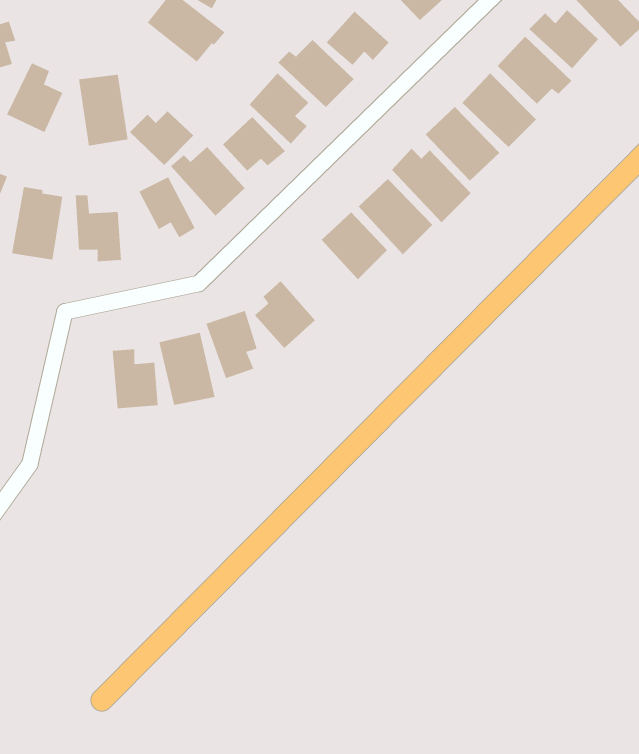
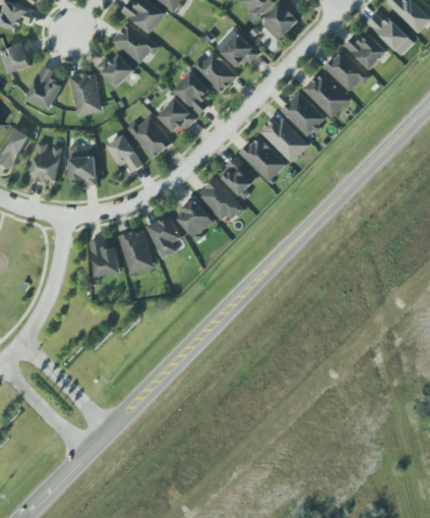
building: [129,111,194,166] -> [95,54,134,88]
building: none -> [196,177,242,224]

